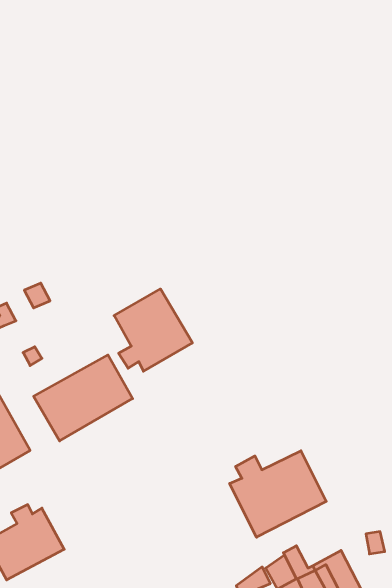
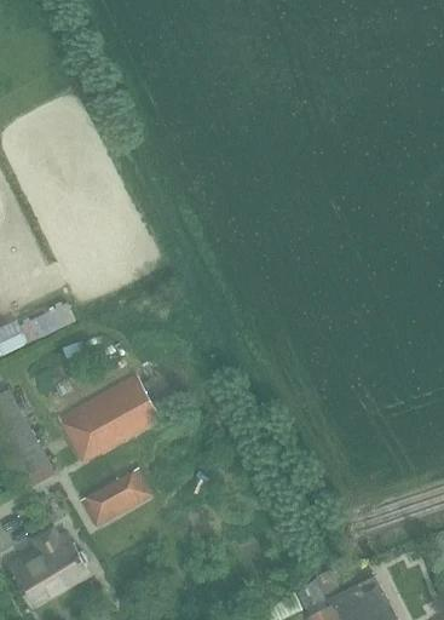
building: [114,289,192,371] -> none
building: none -> [77,466,150,528]
building: [230,451,326,537] -> none

